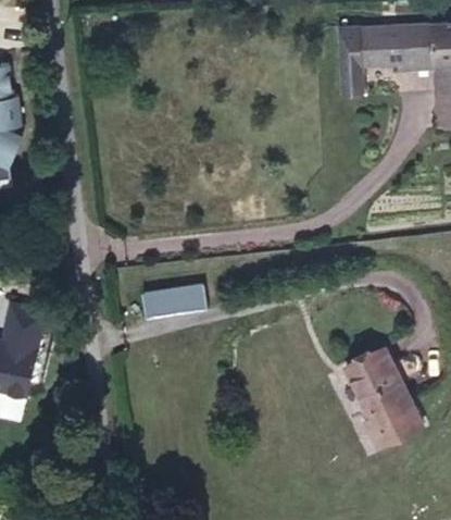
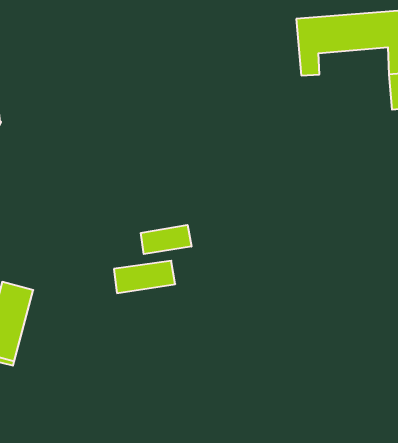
building: none -> [141,225,191,254]
building: [338,348,417,456] -> none

